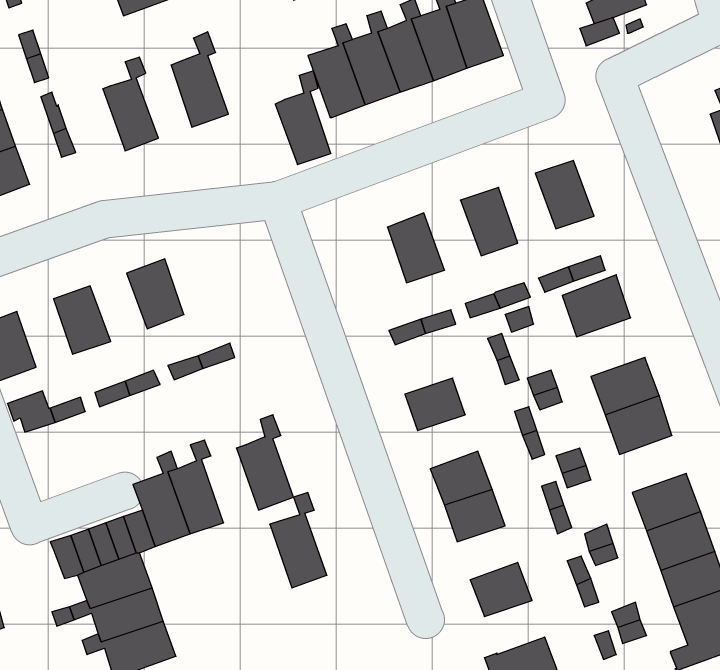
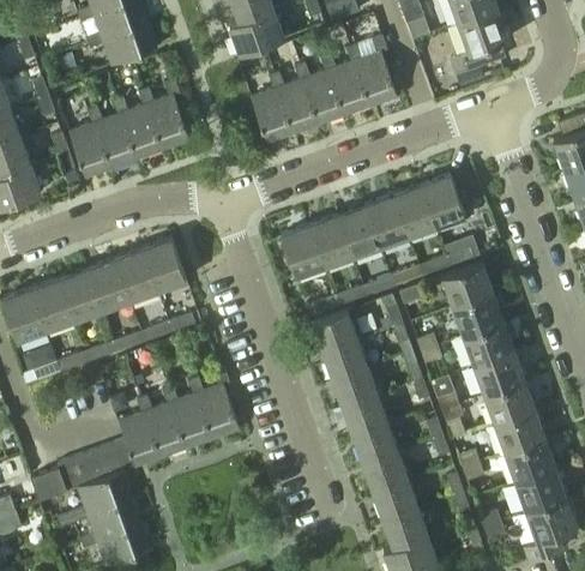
building: none -> [68,106,111,178]
building: [275,71,331,165] -> [120,88,162,158]
building: none -> [393,185,436,238]
building: none -> [337,205,380,258]
building: none -> [281,226,324,277]
building: none -> [141,240,185,291]
building: none -> [85,260,128,312]
building: none -> [30,280,72,331]
building: none -> [452,294,503,338]
building: none -> [312,311,358,351]
building: none -> [332,367,378,408]
building: none -> [484,383,535,426]
building: [270,493,327,588] -> [169,377,212,449]
building: none -> [362,451,408,492]
building: none -> [30,469,66,501]
building: none -> [382,507,428,548]

